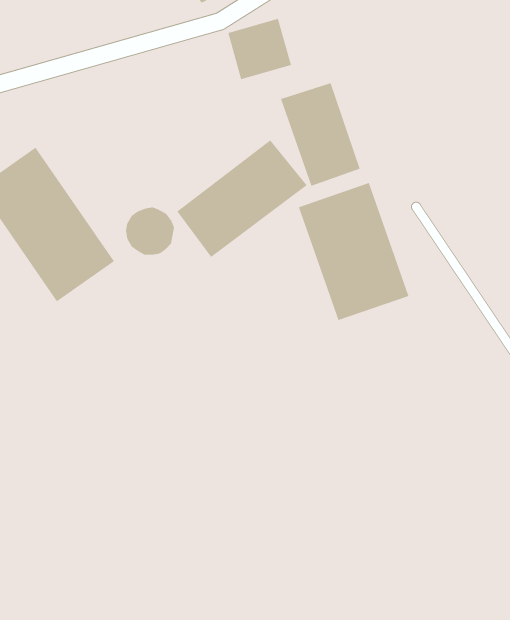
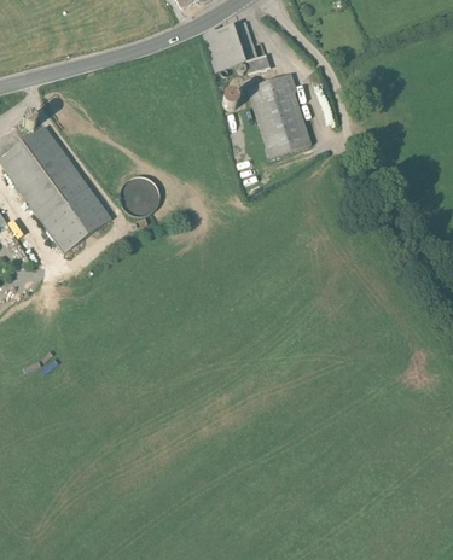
building: [177,140,308,258] -> none
building: [298,182,409,321] -> none

